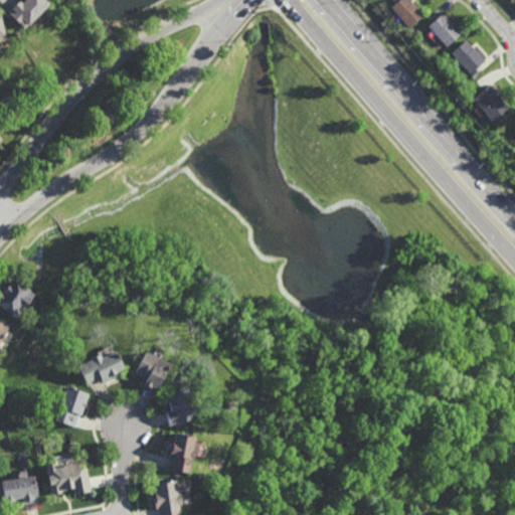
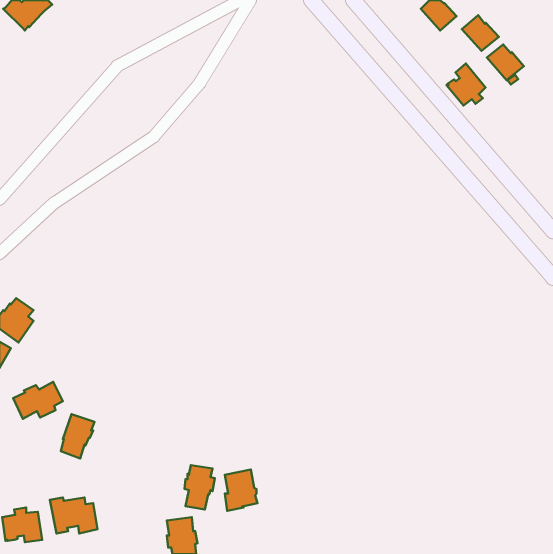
building: none -> [447,64,485,105]
building: [474,88,509,123] -> none
building: [78,348,125,382] -> [13,382,63,419]
building: [135,348,171,389] -> none
building: [167,387,197,425] -> [225,470,257,511]

